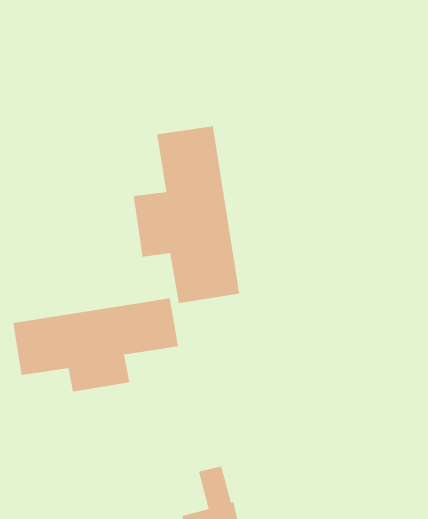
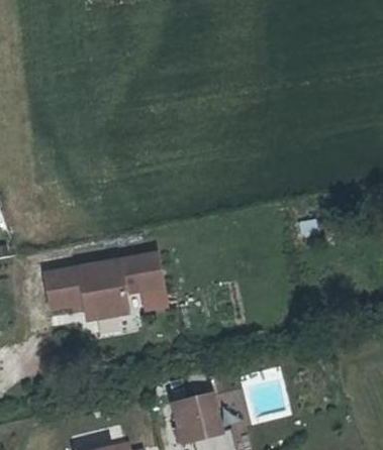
building: [133,126,240,304] -> none

